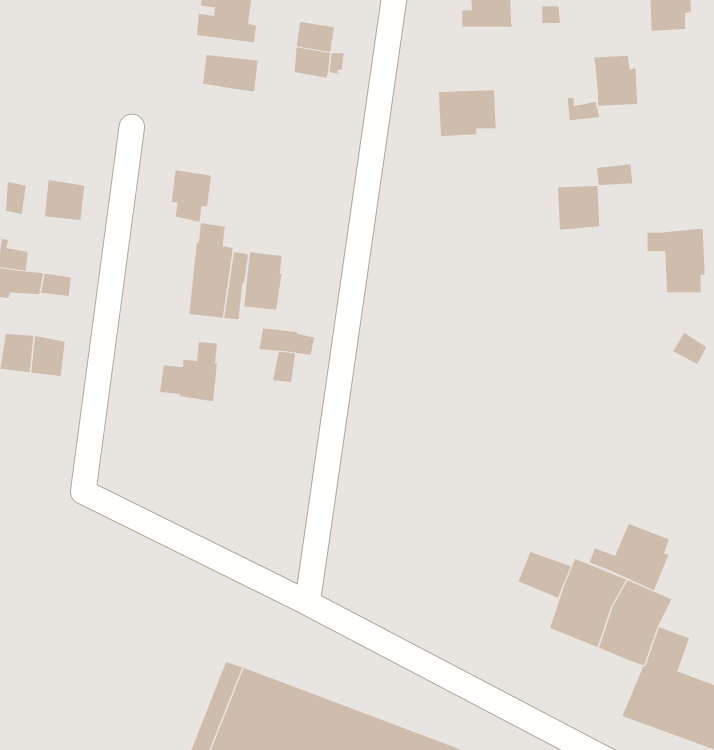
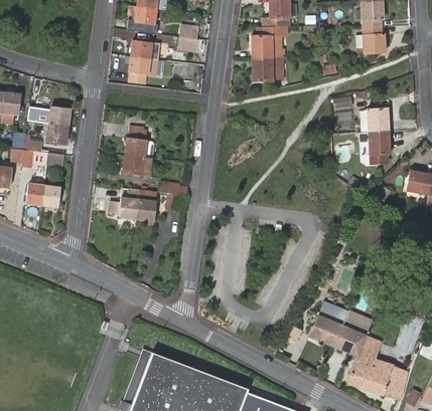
building: none -> [251,26,285,59]
building: [593,55,638,106] -> [362,27,385,53]
building: [171,170,212,222] -> [128,55,149,82]
building: [557,185,600,230] -> [367,109,389,132]
building: none -> [45,124,67,144]
building: [244,252,283,310] -> [136,191,156,221]
building: [589,523,669,591] -> none
building: [518,551,571,598] -> none

